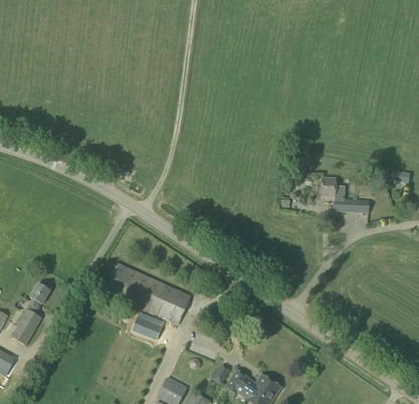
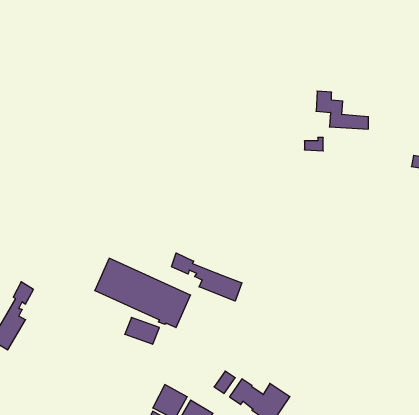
building: [322,177,369,211] -> [316,91,368,129]
building: none -> [171,253,242,301]

